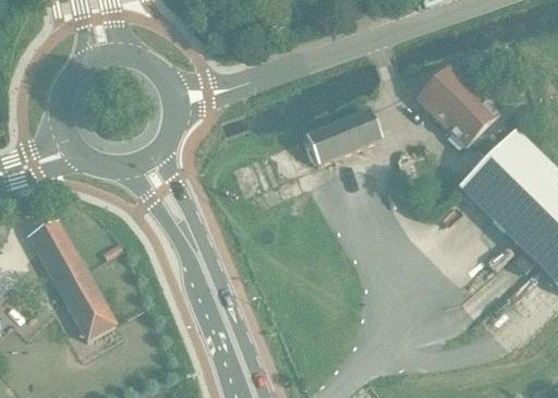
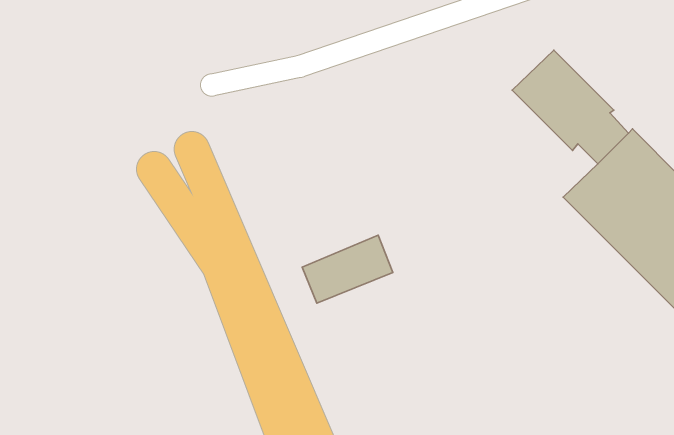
building: [307,109,381,165] -> [302,235,393,303]
building: [29,218,117,338] -> none

